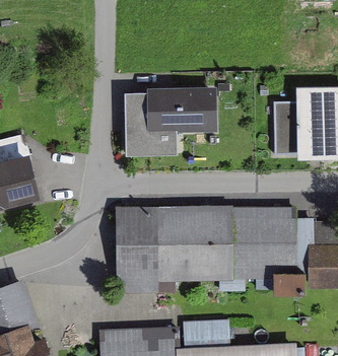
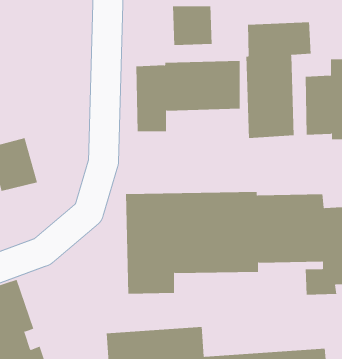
building: none -> [173,5,212,46]
building: none -> [246,22,311,139]

